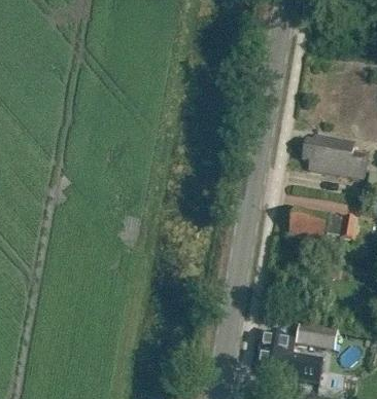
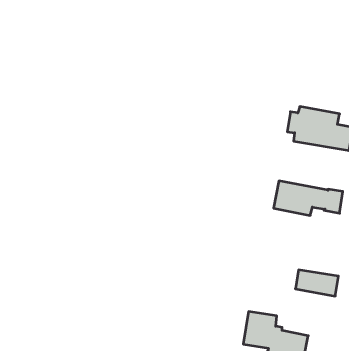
building: [295,323,337,349] -> [295,270,338,296]

